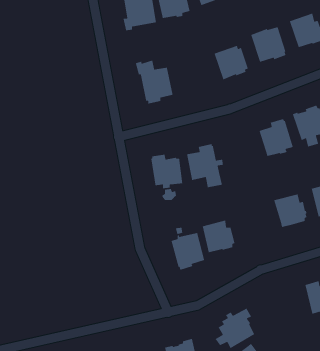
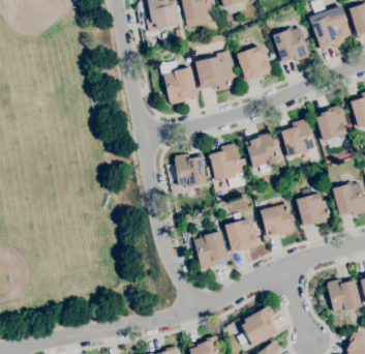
building: none -> [195,56,231,91]
building: none -> [246,131,280,173]
building: none -> [261,203,295,237]

